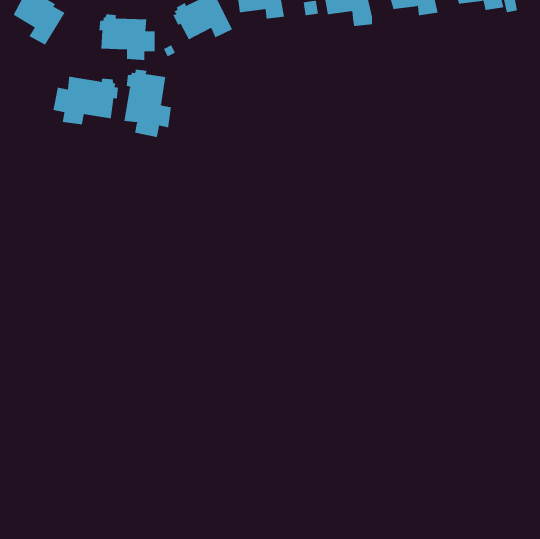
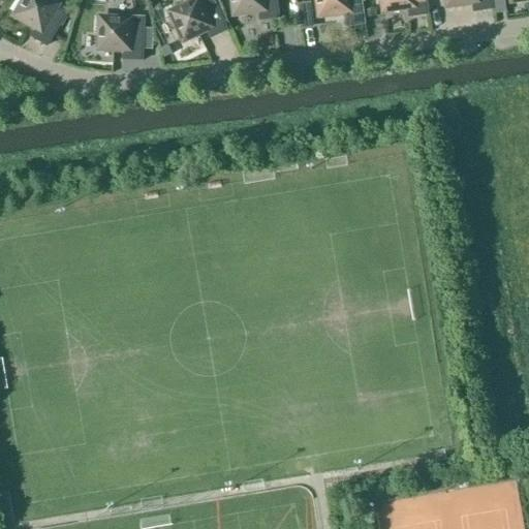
building: [124,69,172,138] -> none
building: [53,76,118,125] -> none

